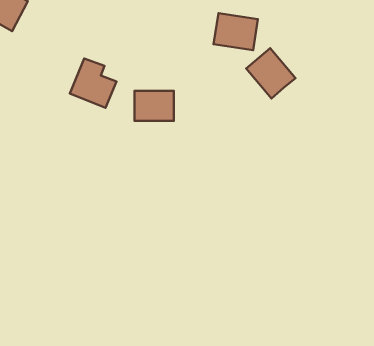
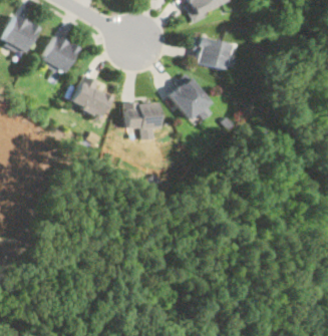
building: none -> [42,35,79,73]
building: [246,48,295,99] -> [171,77,212,119]

